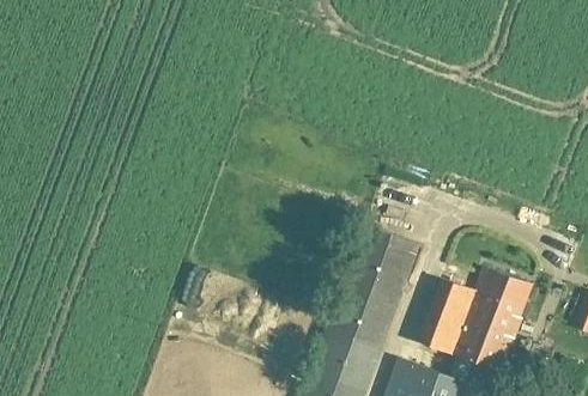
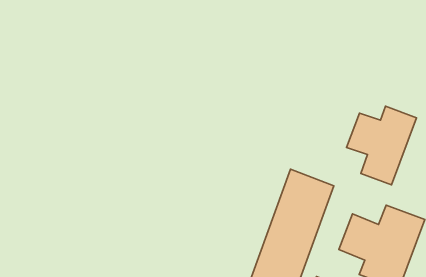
building: none -> [347,106,416,185]

